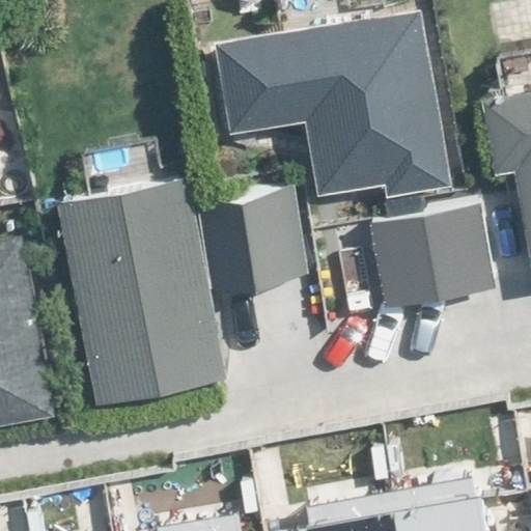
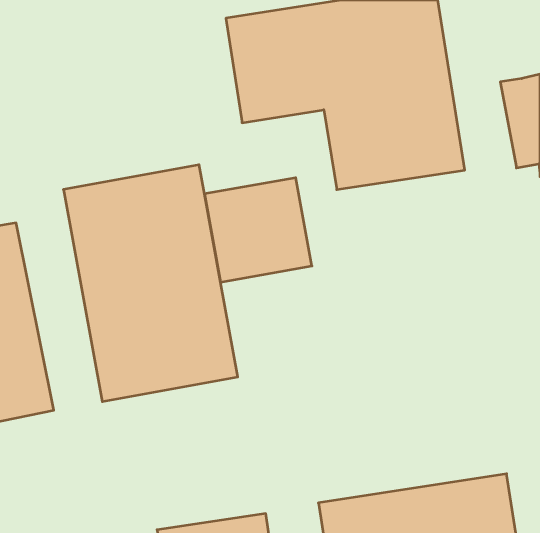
building: [367,203,495,316] -> none

